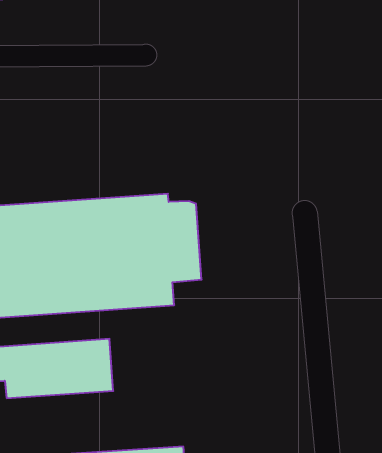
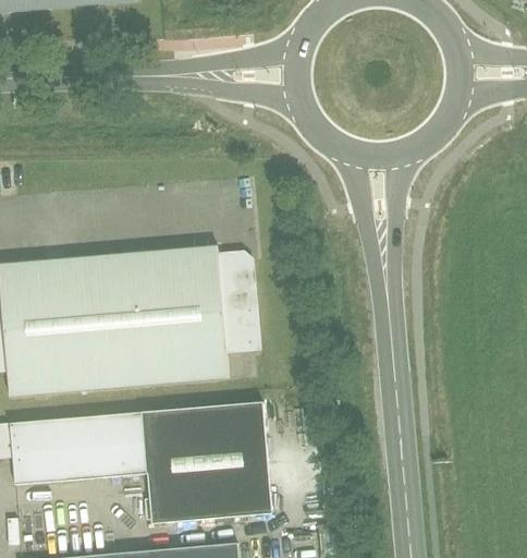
building: none -> [147,407,270,523]

